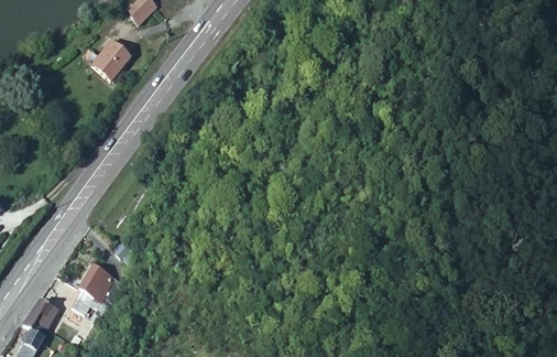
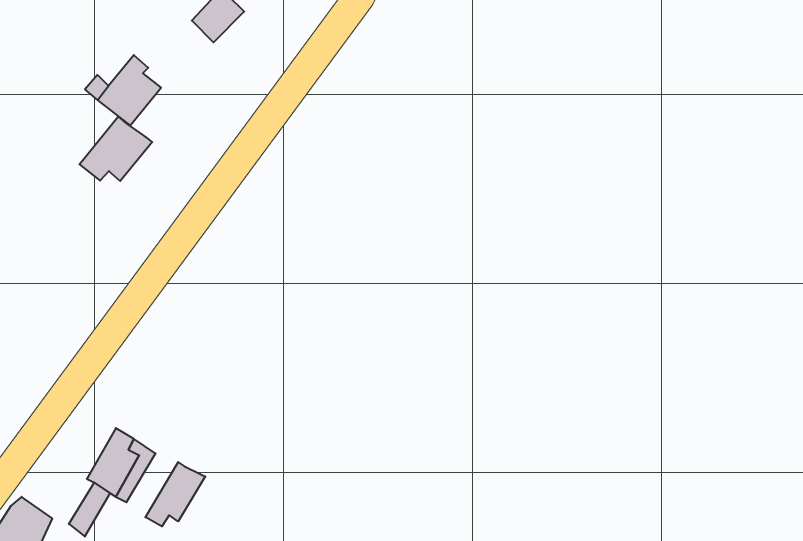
building: none -> [79,116,152,181]
building: none -> [145,462,205,526]

